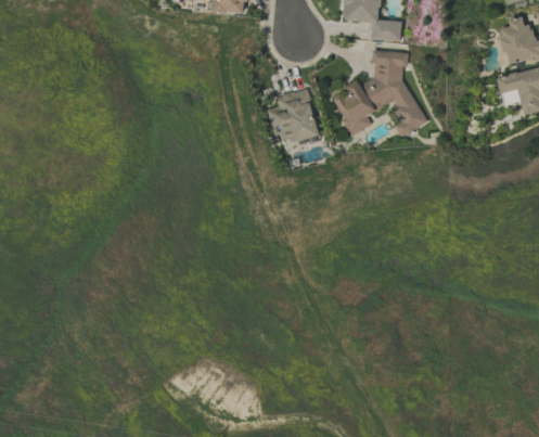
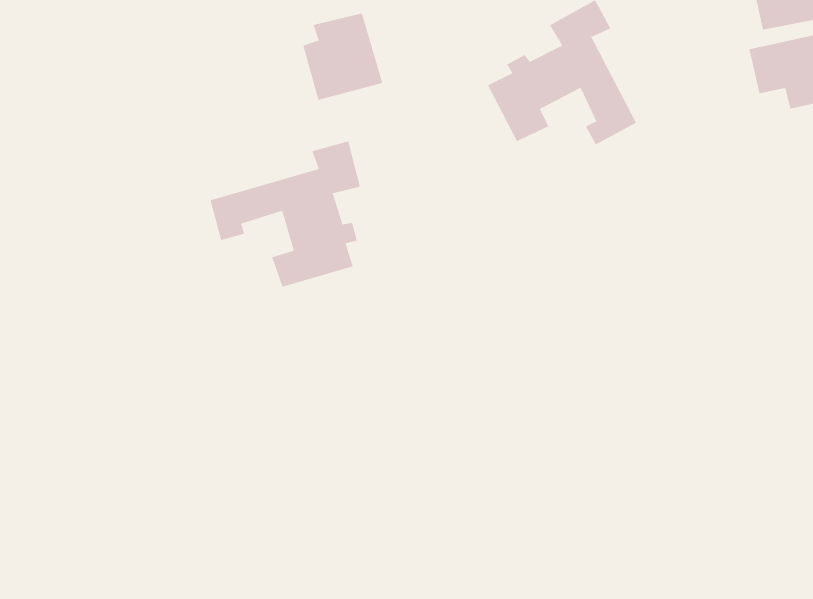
building: [268,89,319,144] -> [302,13,383,100]
building: none -> [210,141,360,288]

